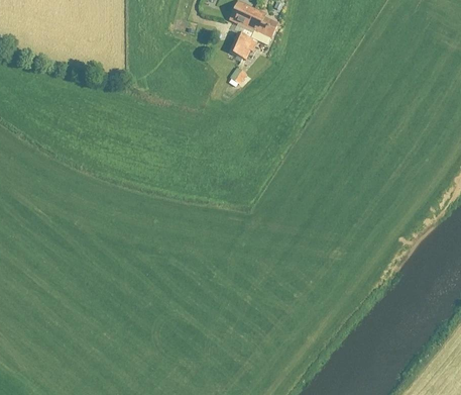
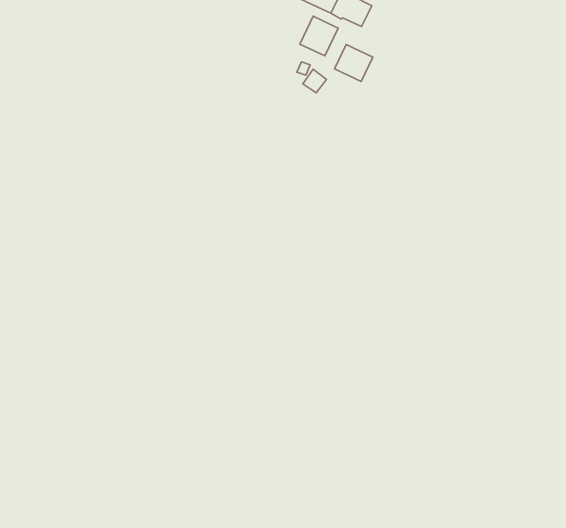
building: none -> [335,45,373,82]

